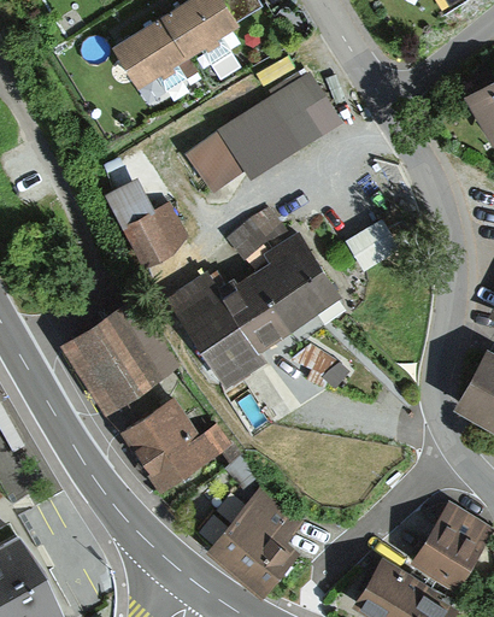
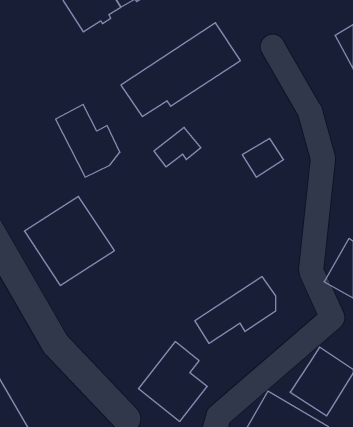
building: [169,237,341,392] -> none
building: [119,399,228,495] -> none
building: none -> [195,277,276,343]

